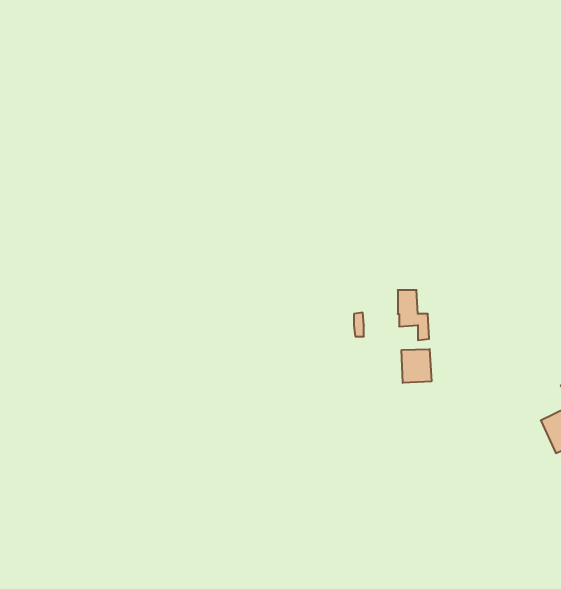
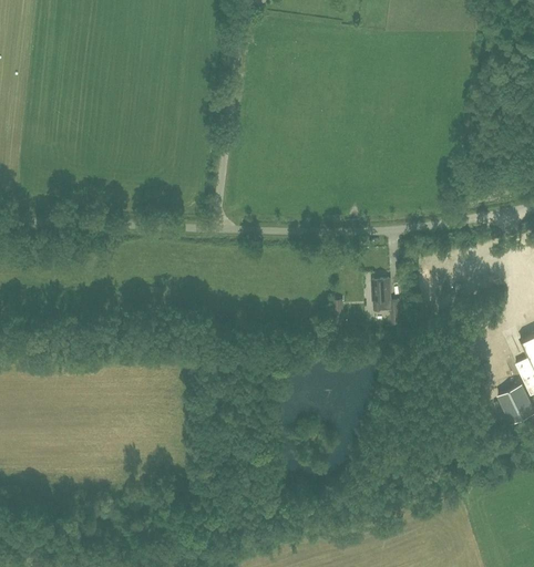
building: [402,349,431,383] -> none

